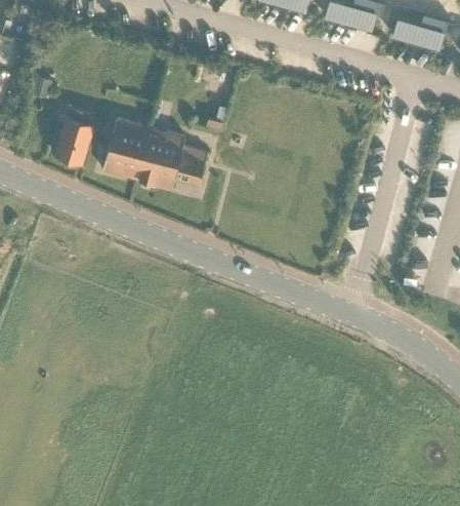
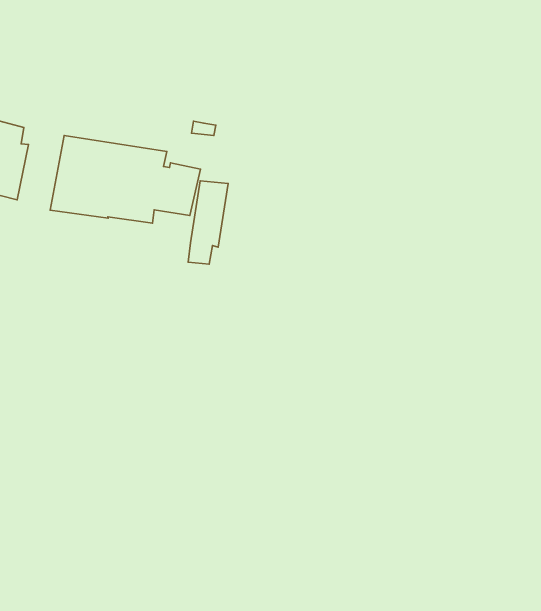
building: none -> [188,181,228,264]

